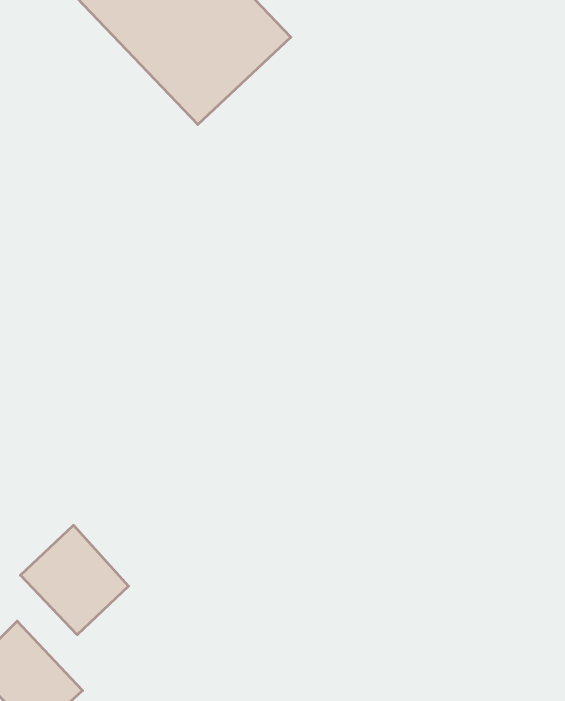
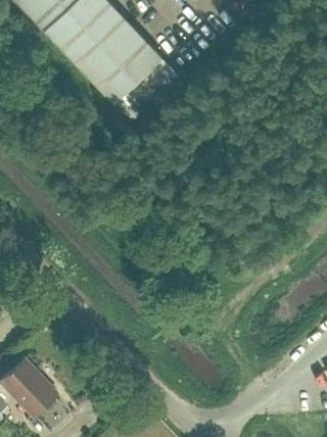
building: [20,525,129,635] -> none

